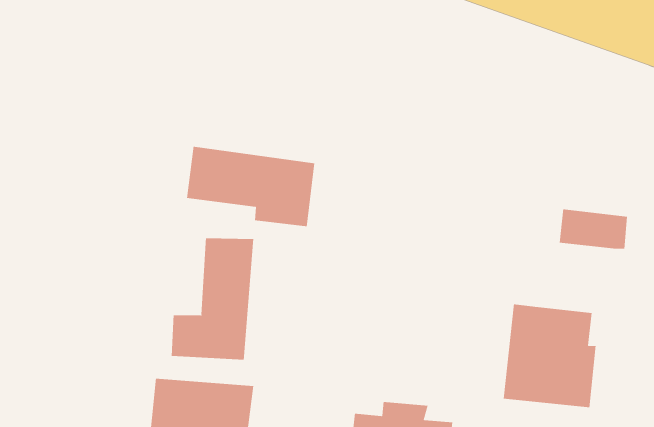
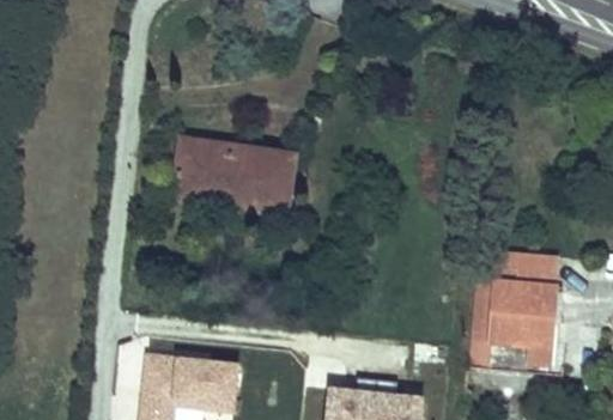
building: [559,209,628,249] -> [498,256,562,293]
building: [171,238,254,360] -> none

